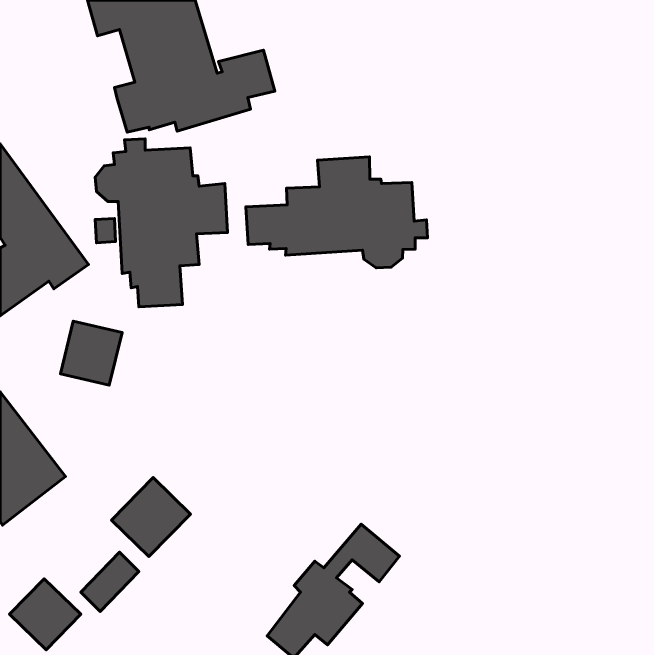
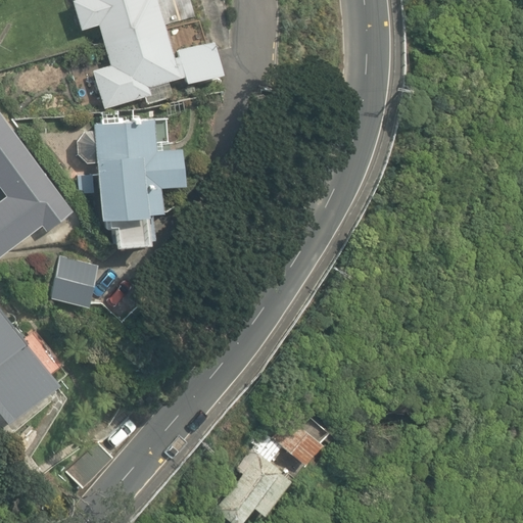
building: [246,157,428,268] -> none
building: [111,478,191,557] -> none
building: [9,579,81,650] -> none

